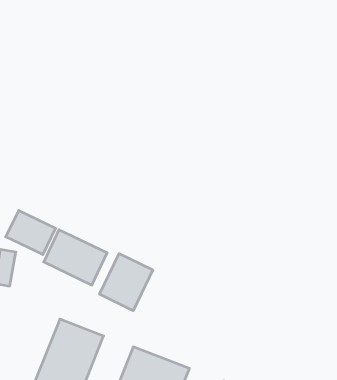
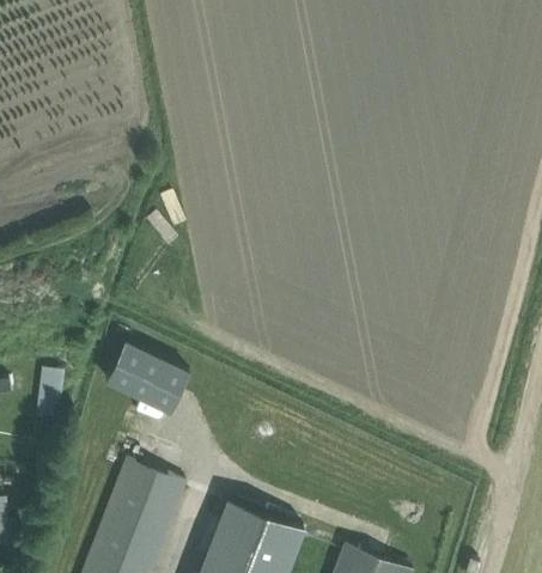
building: [6,210,56,255] -> none
building: [100,254,153,311] -> none

